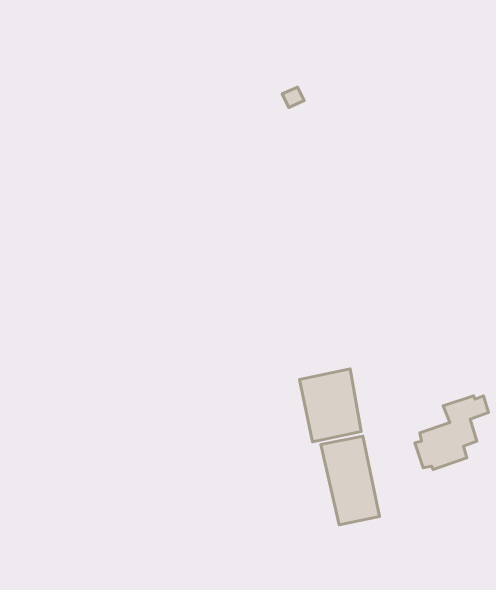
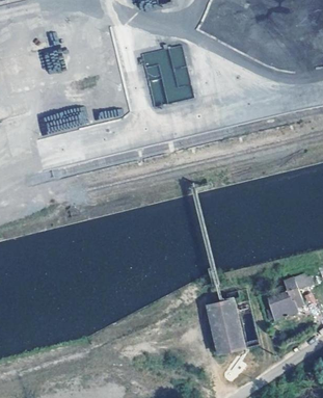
building: [300,369,361,442] -> none

